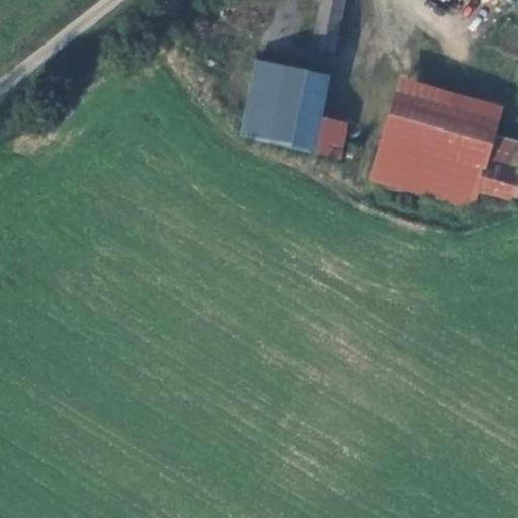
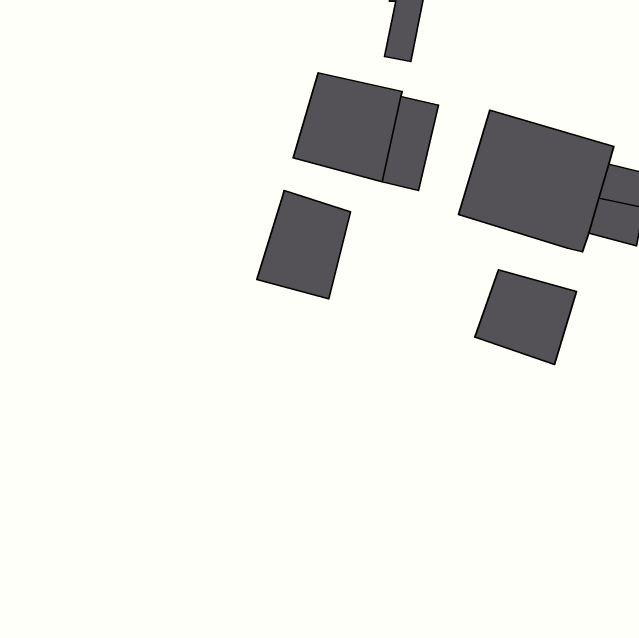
building: none -> [257,191,350,299]
building: none -> [475,270,576,365]

